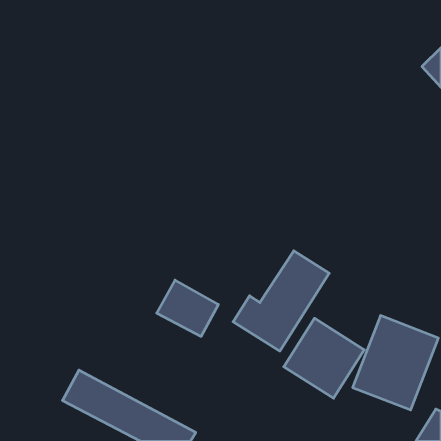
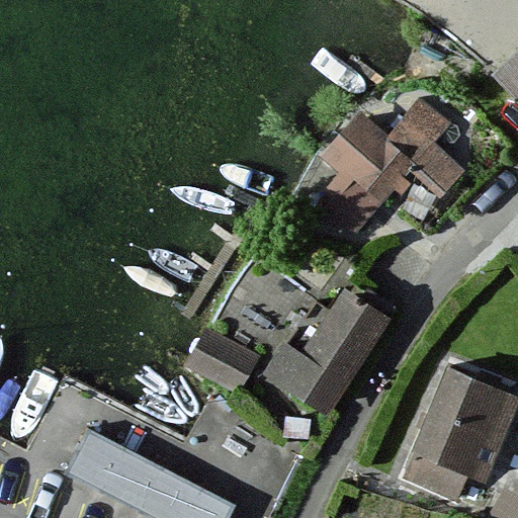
building: none -> [325,98,468,231]
building: [284,318,364,398] -> none

